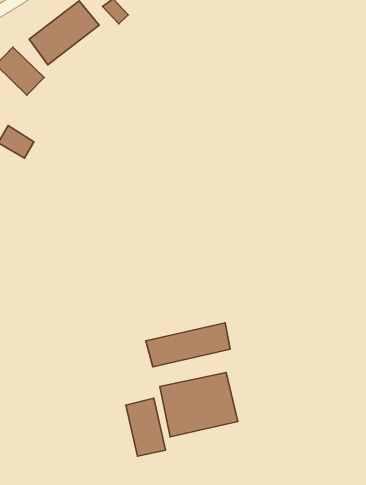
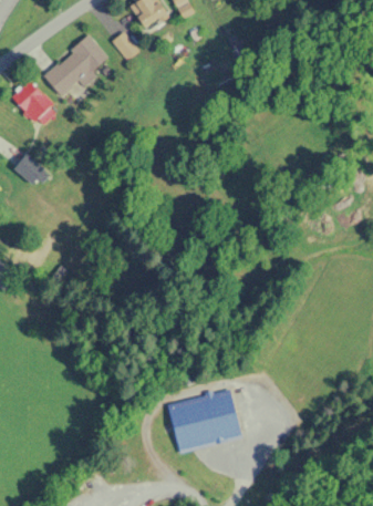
building: [146,323,230,367] -> none
building: [126,398,166,456] -> none

